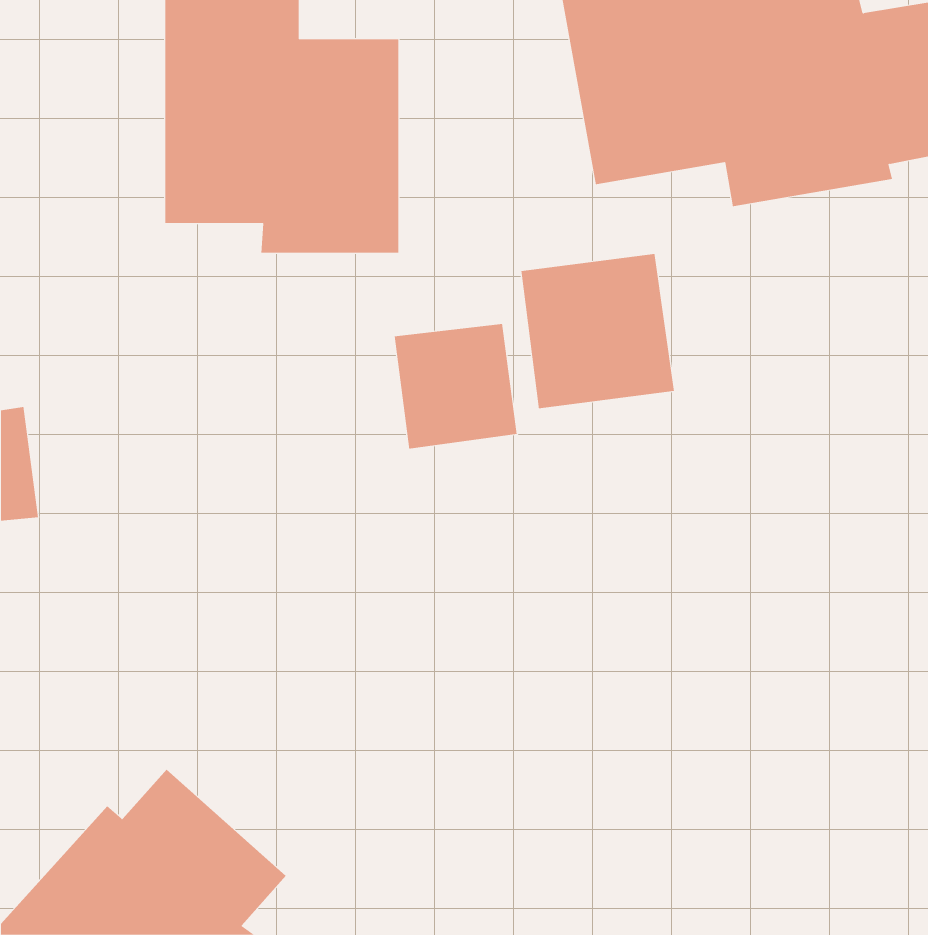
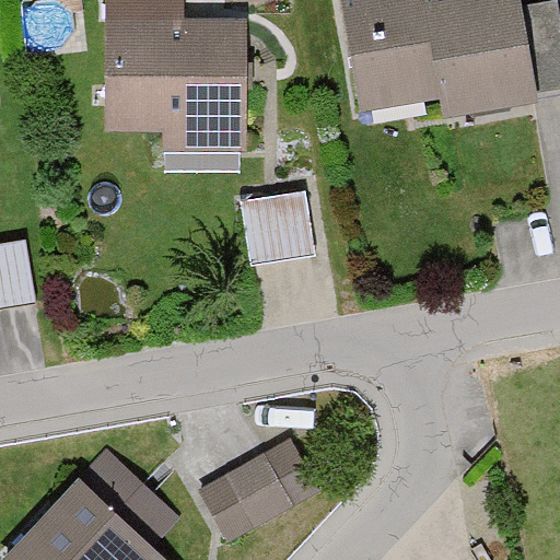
building: [521,253,675,409] -> none
building: none -> [197,451,290,540]

